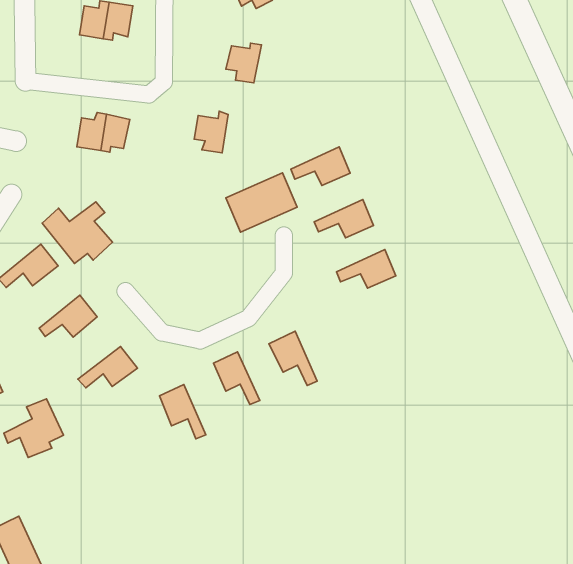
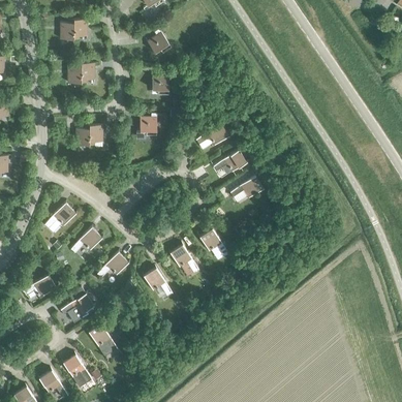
building: [226,173,297,232] -> none
building: [42,202,112,263] -> none
building: none -> [89,322,118,357]

